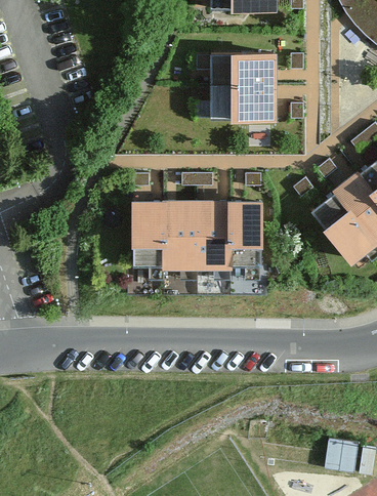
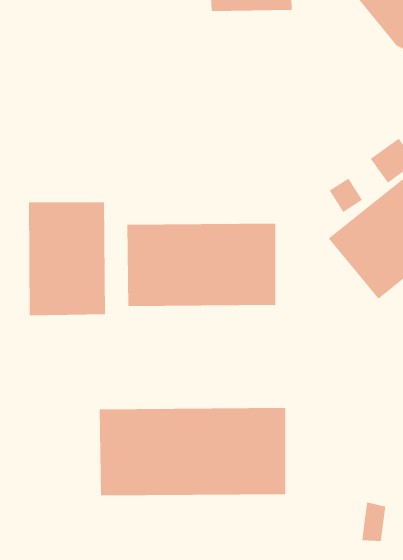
building: [209,51,279,120] -> none
building: none -> [28,201,105,316]
building: none -> [99,407,286,496]

